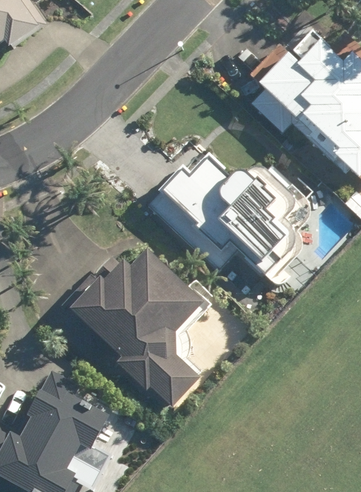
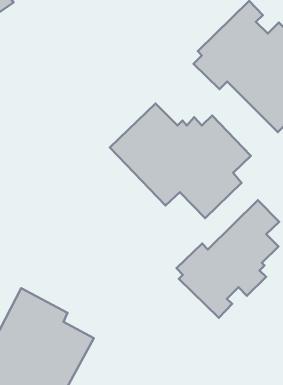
building: [61,248,199,408] -> none
building: none -> [176,200,279,318]

